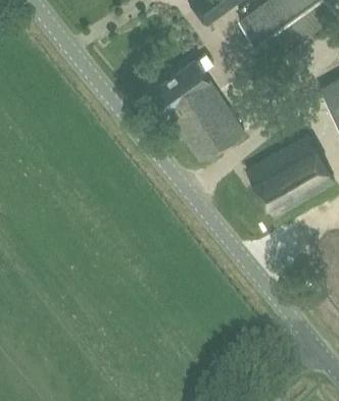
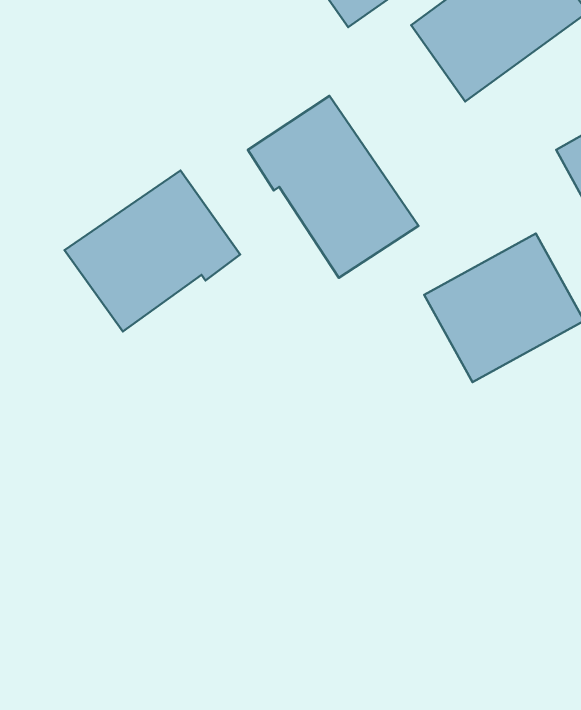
building: none -> [65,171,240,332]

